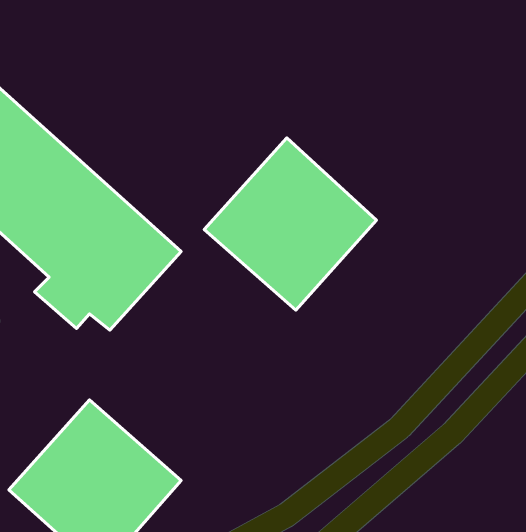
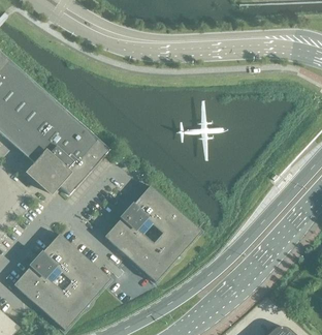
building: [204,138,377,310] -> [103,185,200,282]

